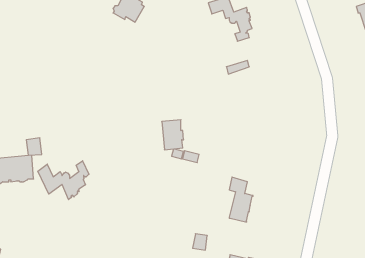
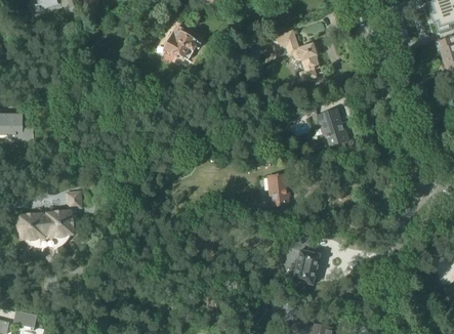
building: none -> [318,109,348,145]
building: [162,120,184,150] -> [266,173,291,207]
building: [38,161,89,200] -> none

